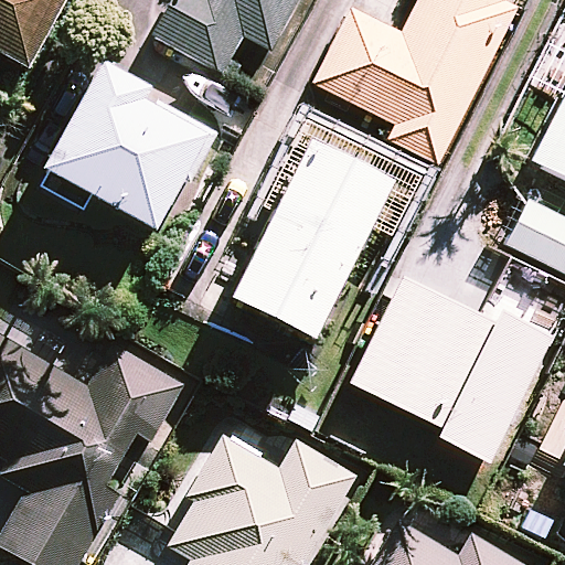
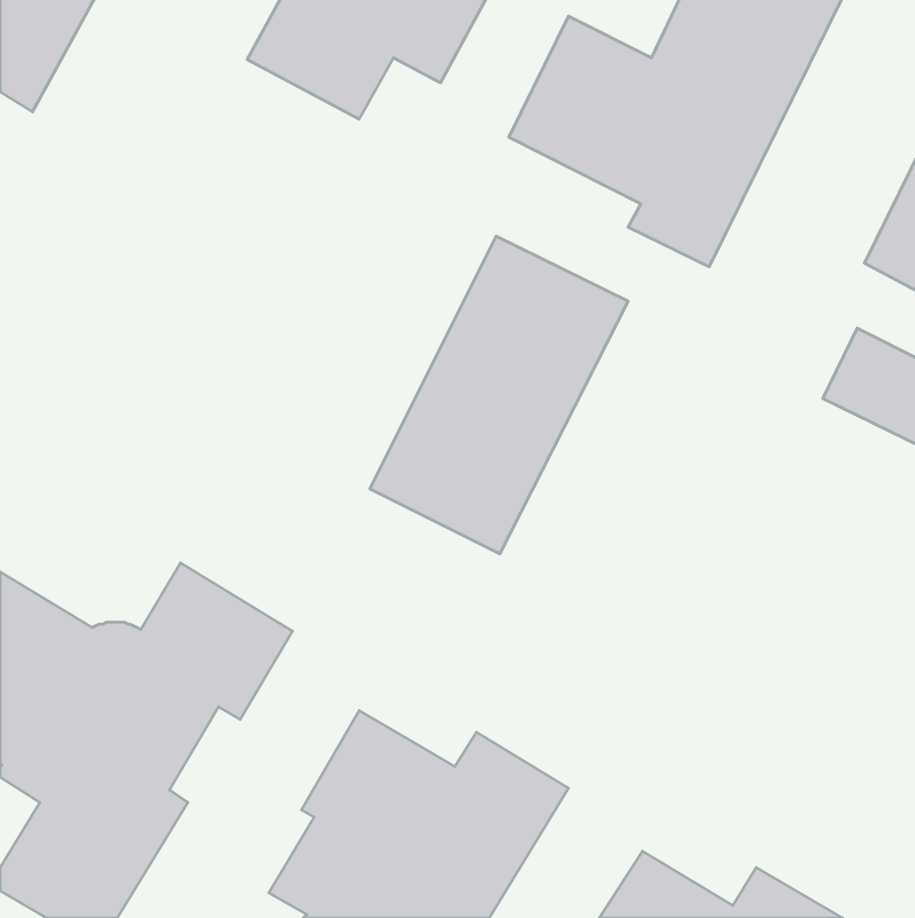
building: [41,67,213,234] -> none
building: [351,265,552,462] -> none

